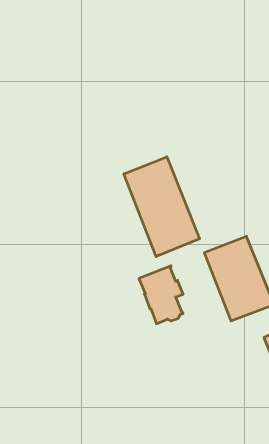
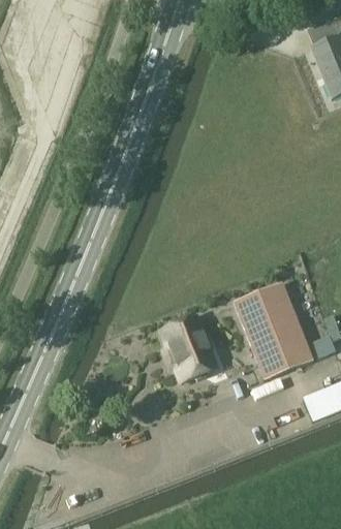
building: [124,157,200,257] -> none

